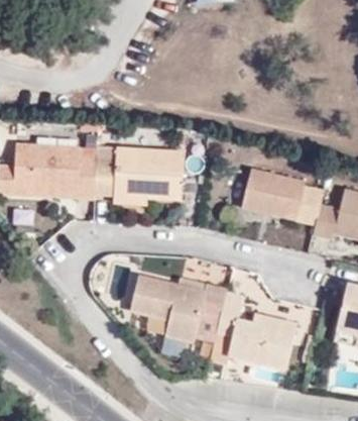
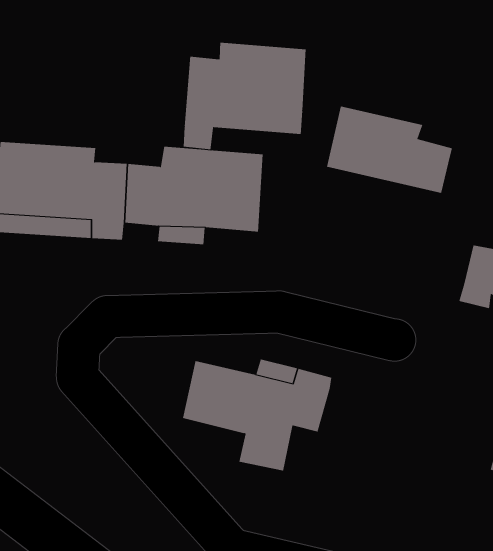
building: none -> [183,42,306,150]
building: [243,170,325,226] -> [326,106,453,193]
building: [215,294,303,374] -> none

